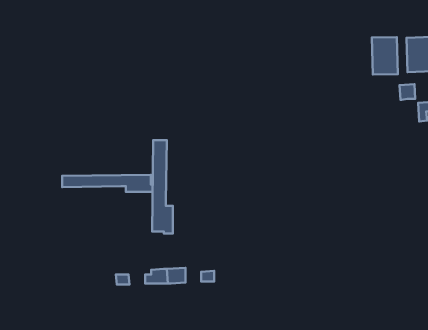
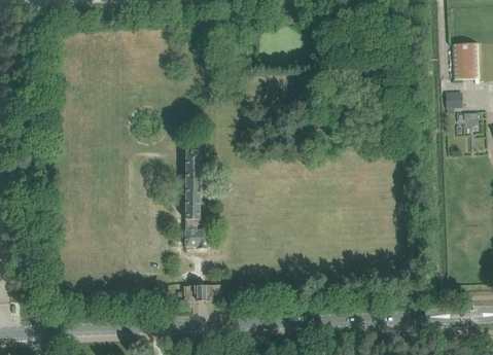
building: [372,37,398,74] -> none
building: [62,175,153,192] -> none

